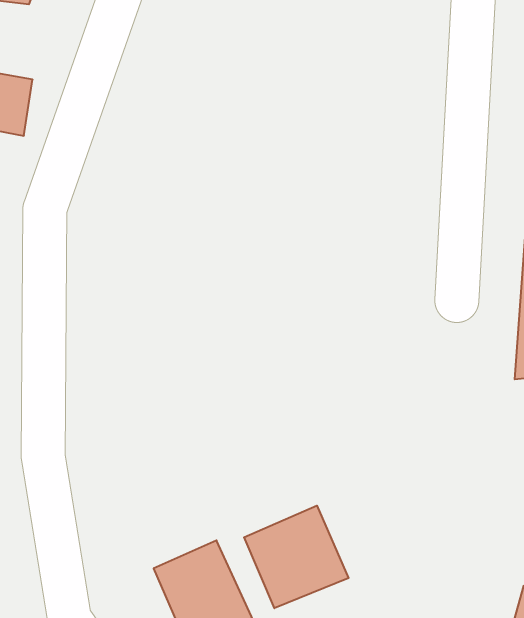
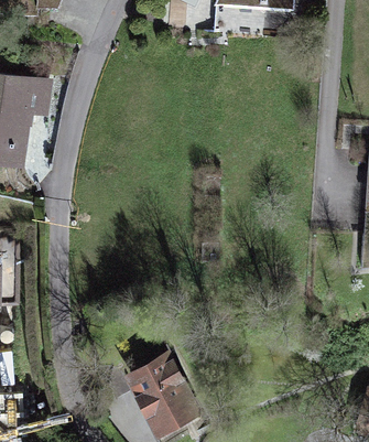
building: [244,506,349,608] -> none

